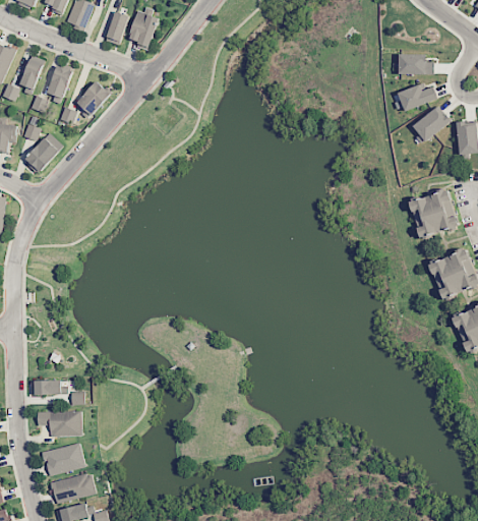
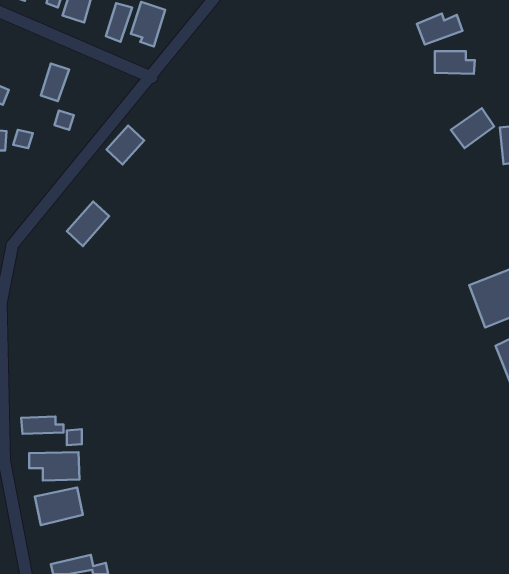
building: [21,56,44,90] -> none
building: [77,80,111,115] -> [107,126,144,164]
building: [398,83,438,111] -> [417,14,463,44]
building: [25,133,63,173] -> [67,201,109,246]
building: [410,190,458,237] -> none
building: [51,472,97,504] -> none

